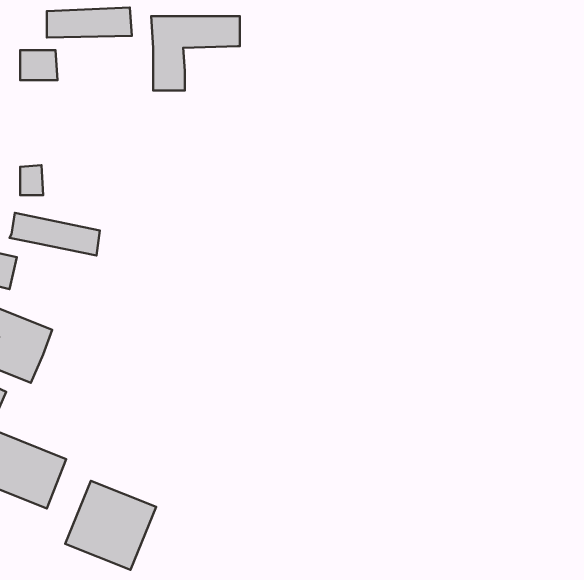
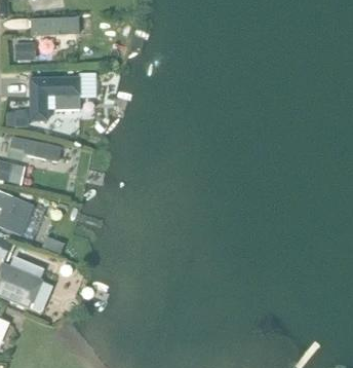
building: [151,16,240,90] -> [30,76,81,119]
building: [65,481,156,570] -> none

